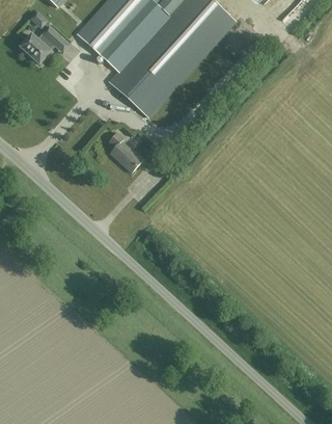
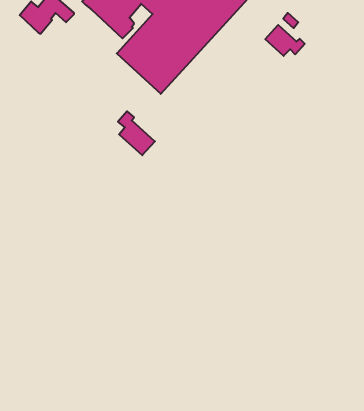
building: none -> [265,25,305,56]

